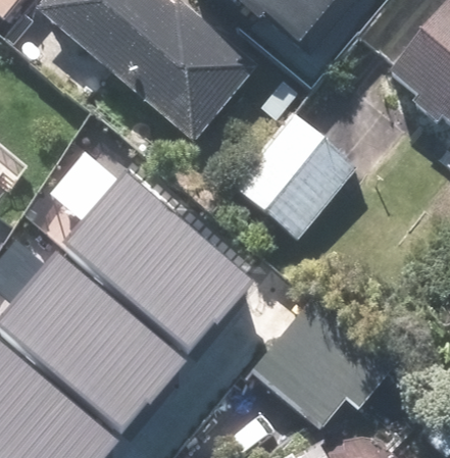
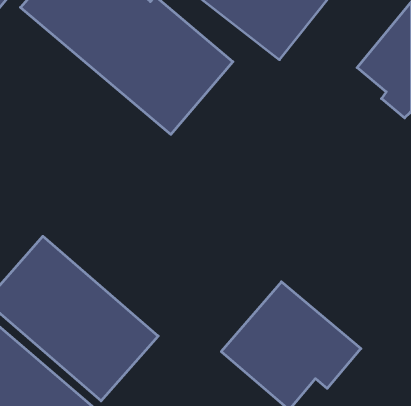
building: [231,110,359,241] -> none
building: [66,171,248,346] -> none

